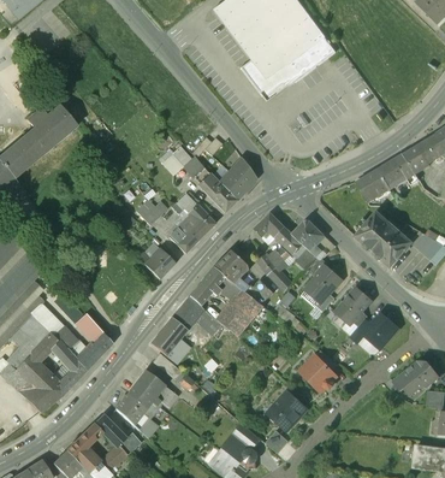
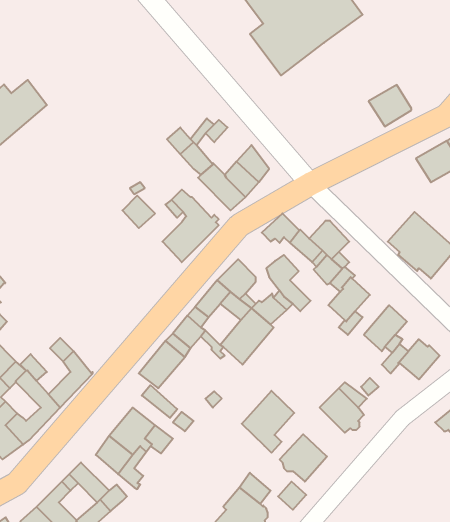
building: [354,167,388,201] -> [369,85,411,126]
building: [141,248,177,278] -> none
building: none -> [242,391,294,453]

